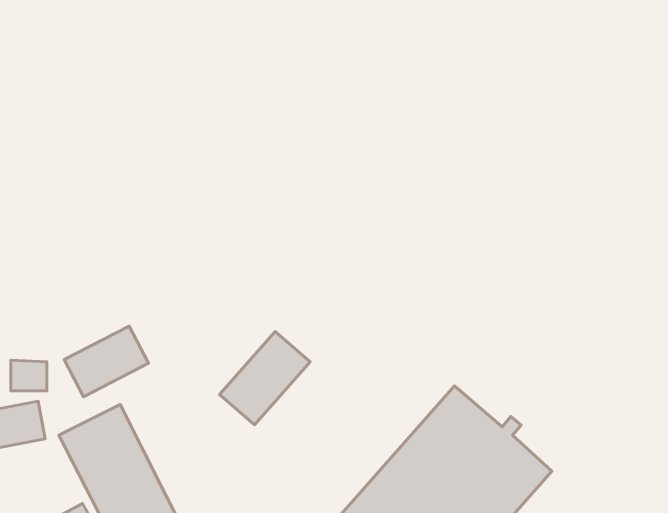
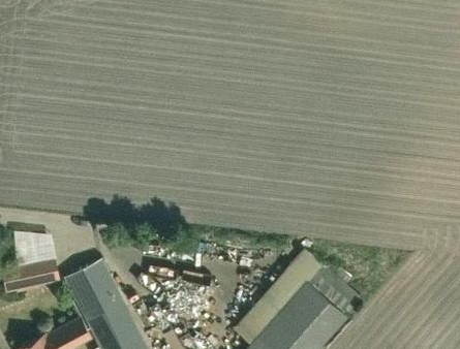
building: [64,326,149,397] -> none
building: [220,331,310,425] -> none

